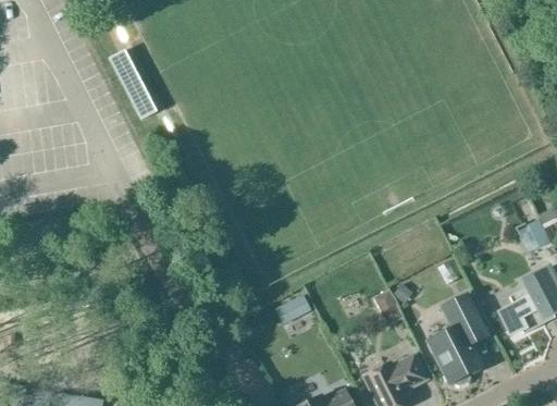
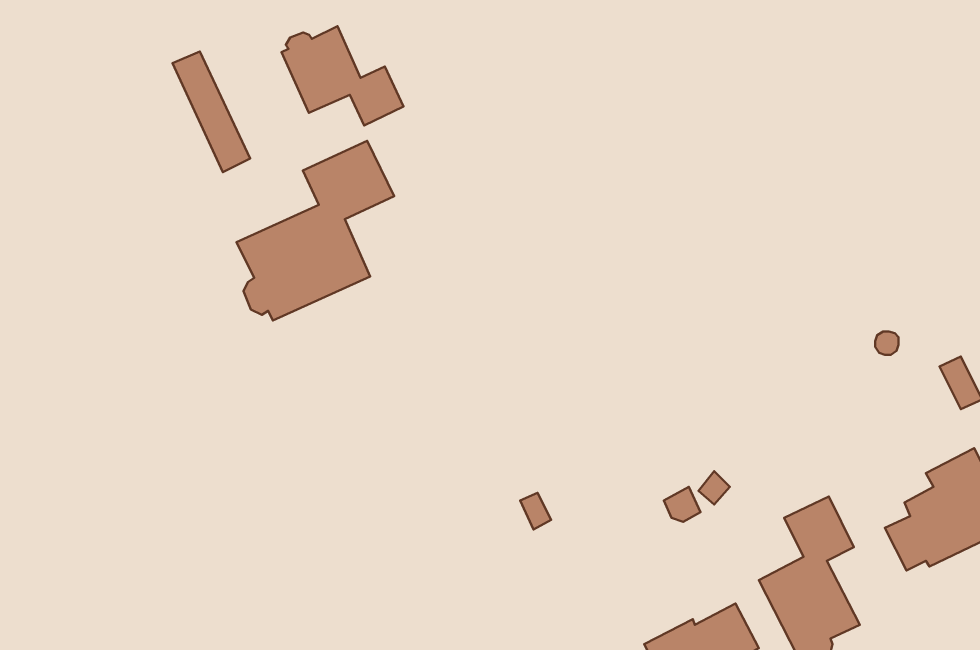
building: none -> [282,26,404,126]
building: none -> [236,141,394,321]

